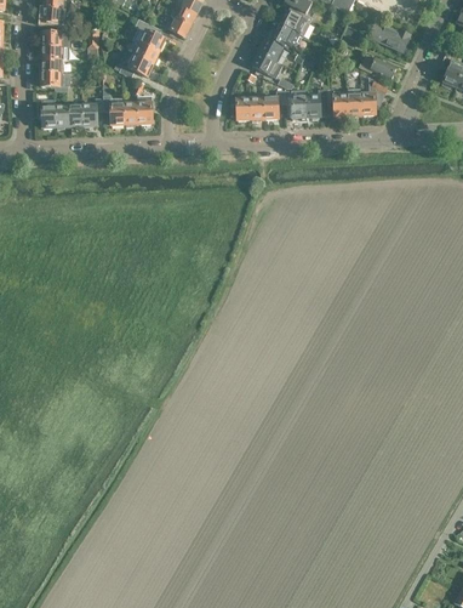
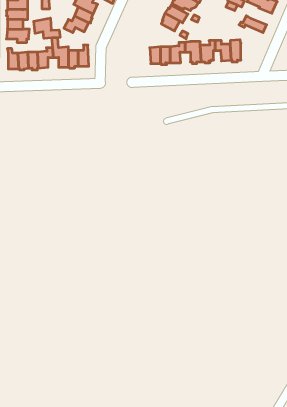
building: none -> [34,18,60,38]
building: [360,76,387,115] -> none

